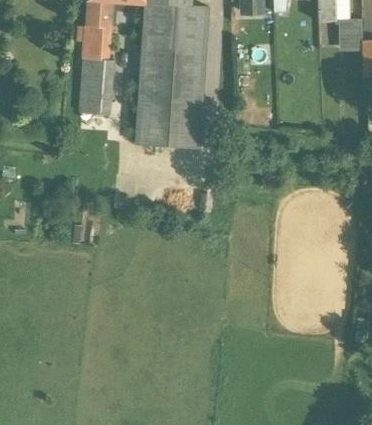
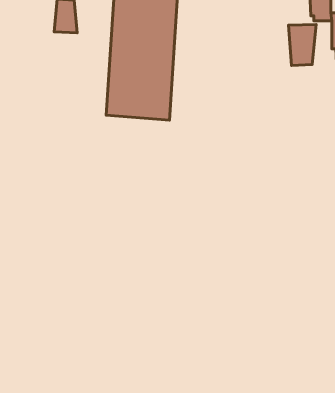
building: none -> [288,24,316,65]
building: [81,60,112,116] -> none

